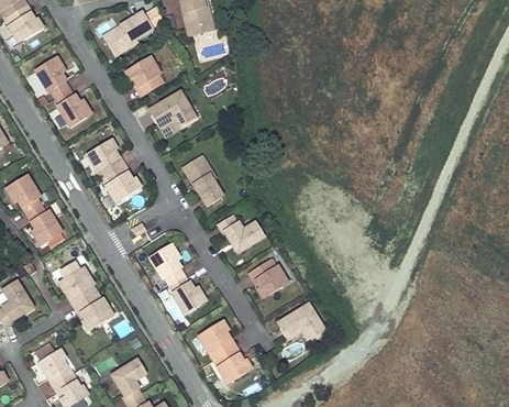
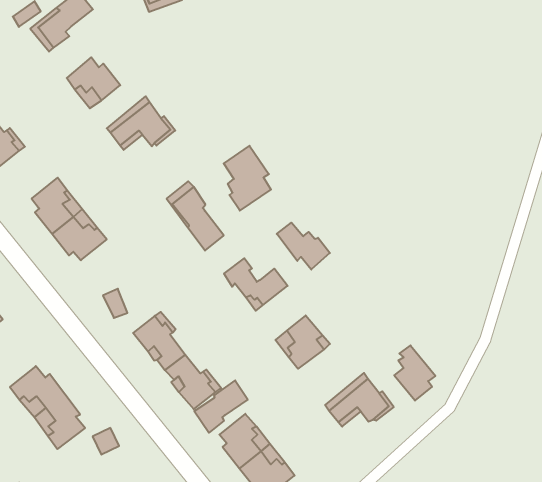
building: none -> [224,146,271,211]
building: none -> [277,223,330,270]
building: none -> [394,345,435,401]
building: none -> [194,380,248,433]

